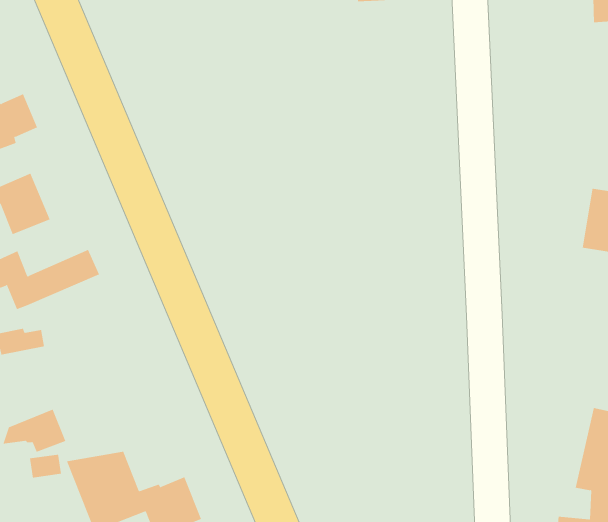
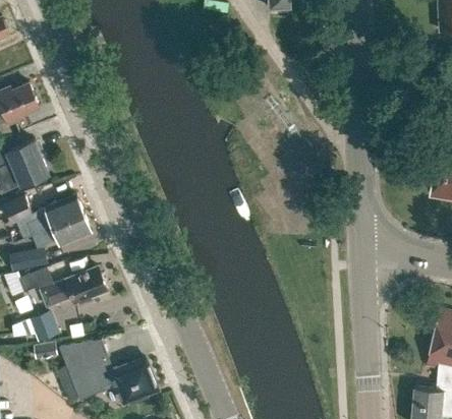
building: none -> [33,214,93,248]
building: none -> [20,266,108,307]

